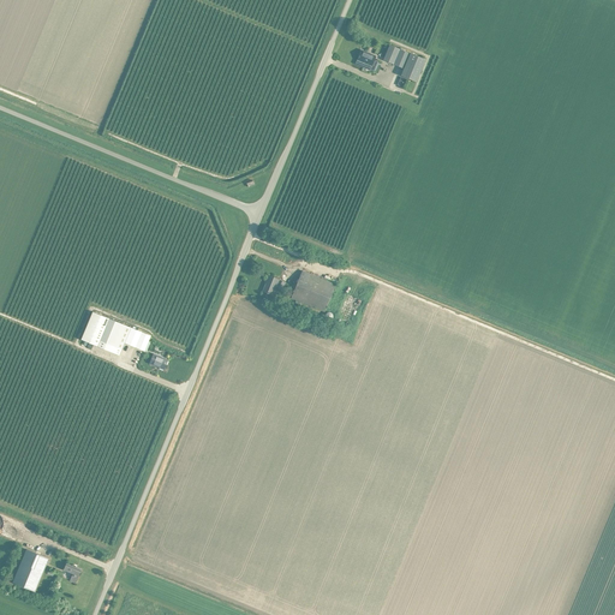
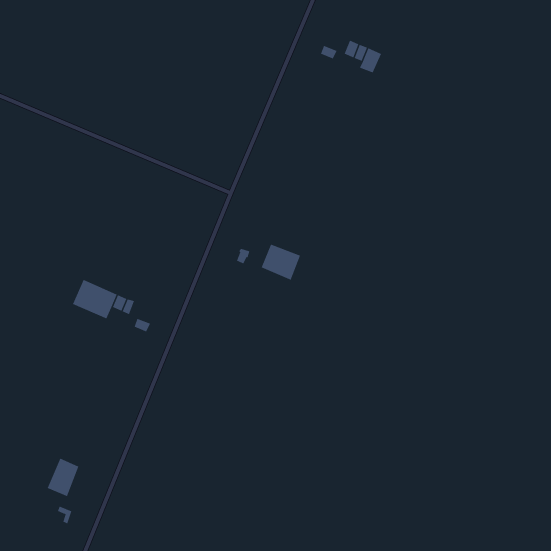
building: [12,549,48,592] -> [47,458,79,497]

